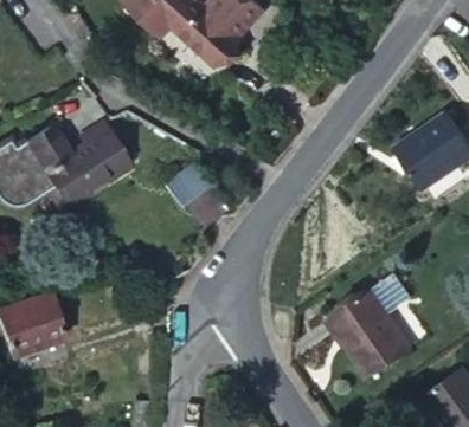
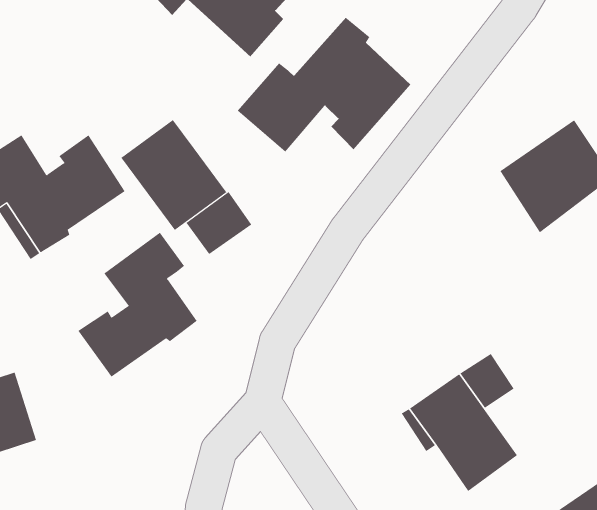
building: none -> [237,17,411,153]
building: none -> [121,119,227,231]
building: none -> [77,232,197,378]

